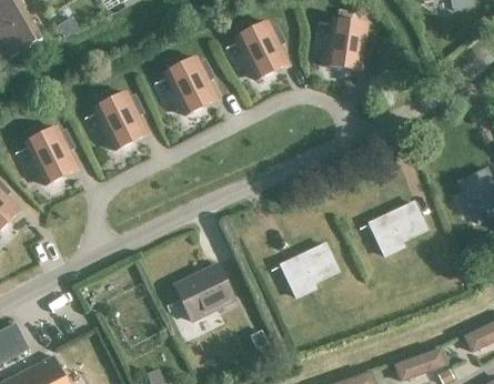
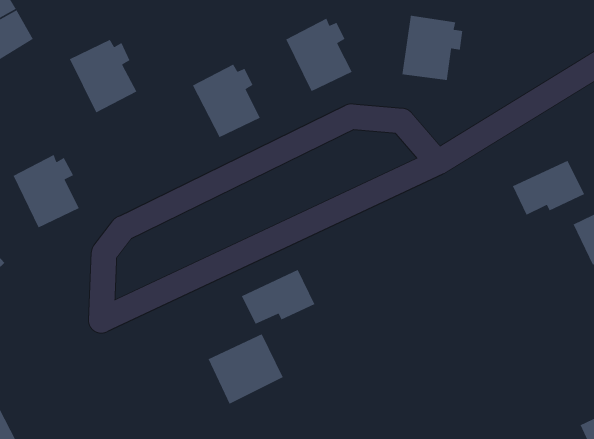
building: [93,92,147,150] -> [69,39,138,113]
building: [370,202,426,245] -> [512,160,585,216]
building: [281,243,339,286] -> [241,269,316,325]

